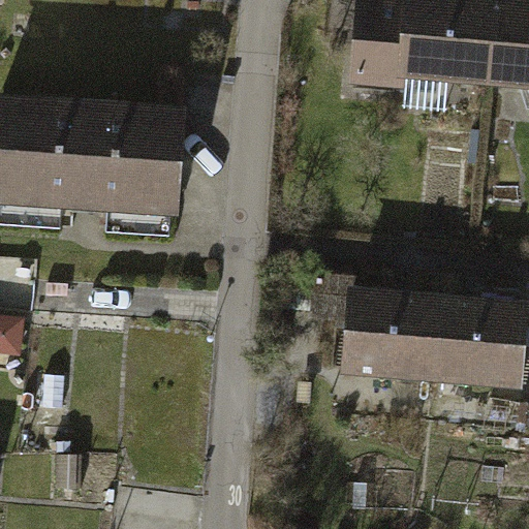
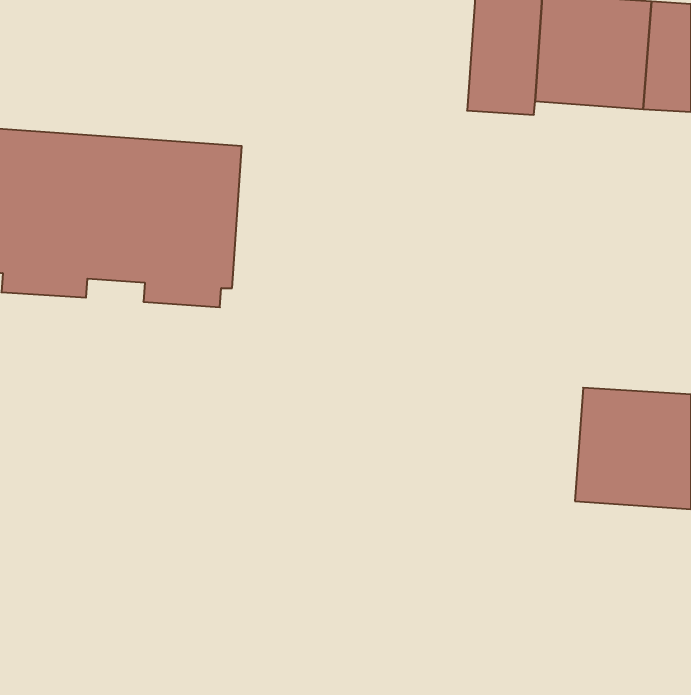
building: [345,286,441,379] -> none

